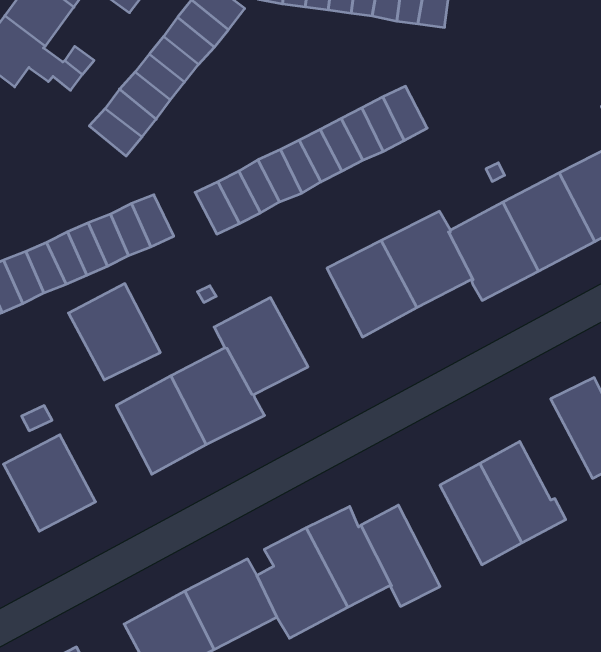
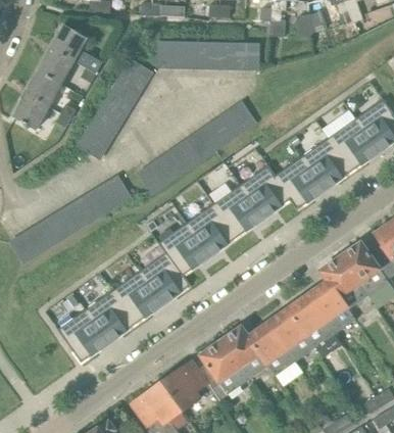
building: none -> [186,202,237,255]
building: [68,284,160,380] -> [85,289,136,341]
building: none -> [319,255,367,308]
building: none -> [267,308,315,362]

